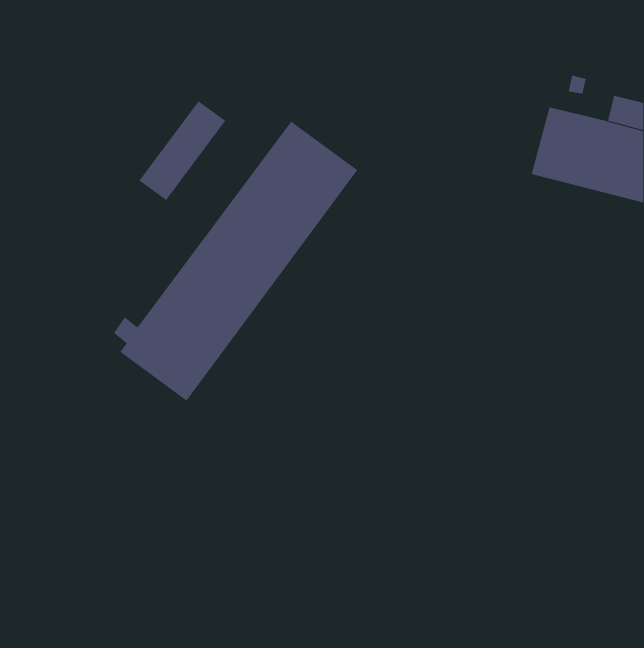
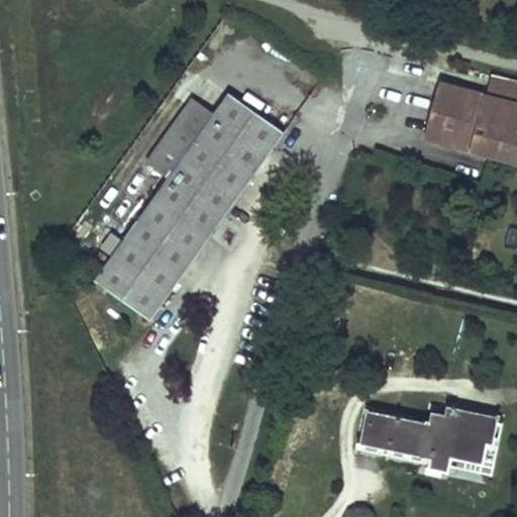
building: [139,100,226,201] -> [146,100,216,180]
building: none -> [358,405,496,473]

